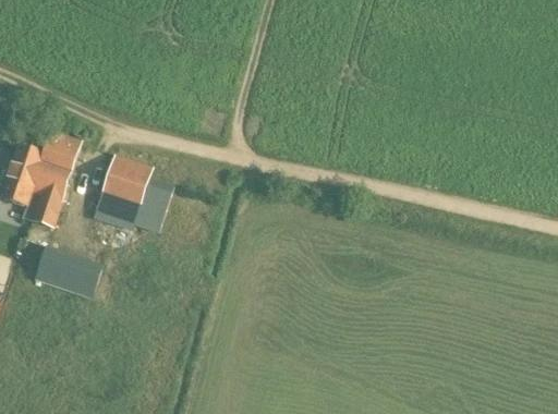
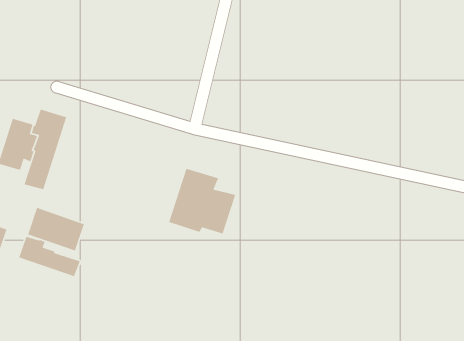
building: [93,153,172,231] -> [168,168,236,235]
building: none -> [18,236,81,277]

